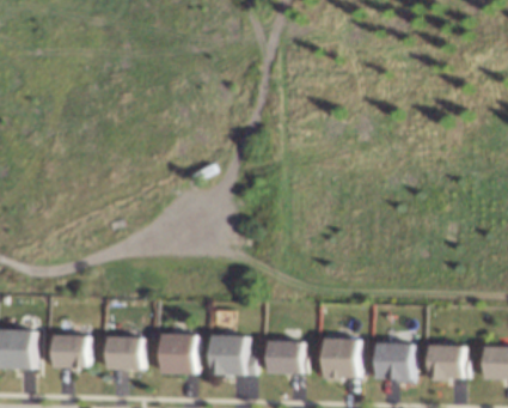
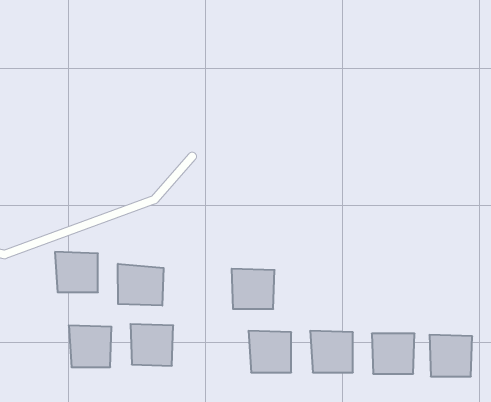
building: none -> [118,264,164,306]
building: [51,331,90,367] -> [55,252,98,292]
building: [208,335,246,371] -> [232,269,275,309]

